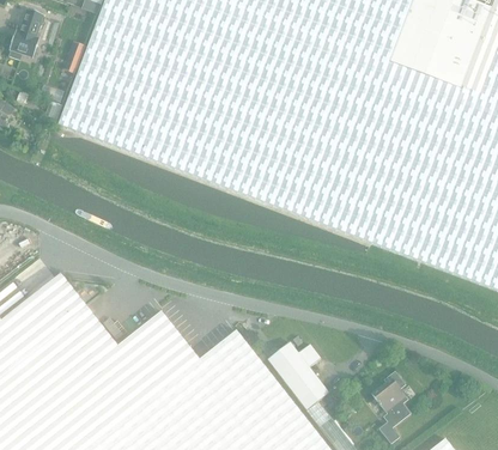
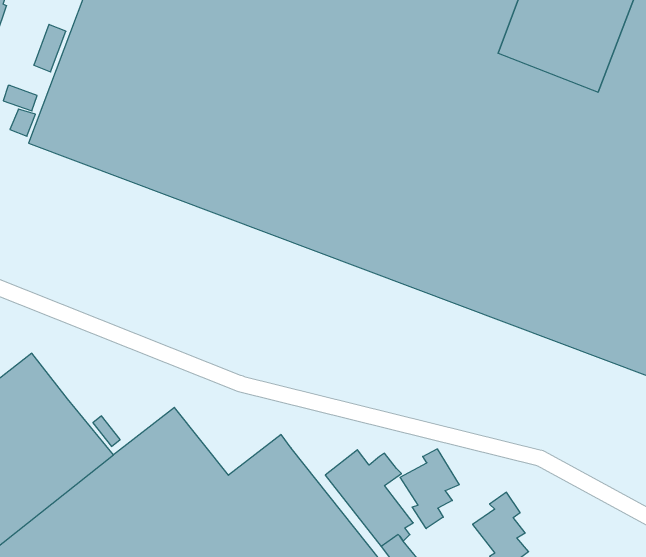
building: none -> [400,449,459,529]

